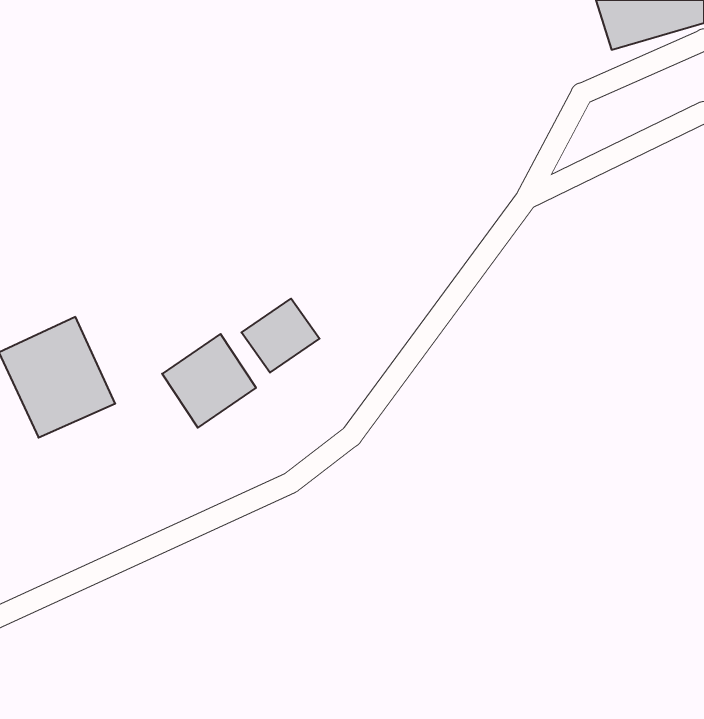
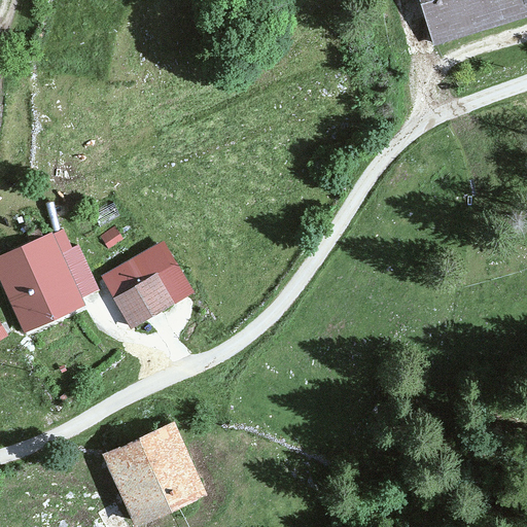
building: [241,299,320,373] -> none
building: none -> [112,423,206,519]

